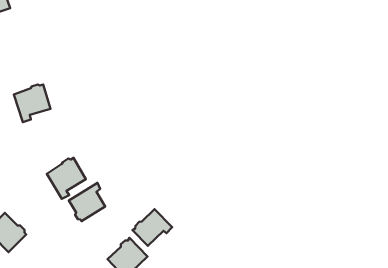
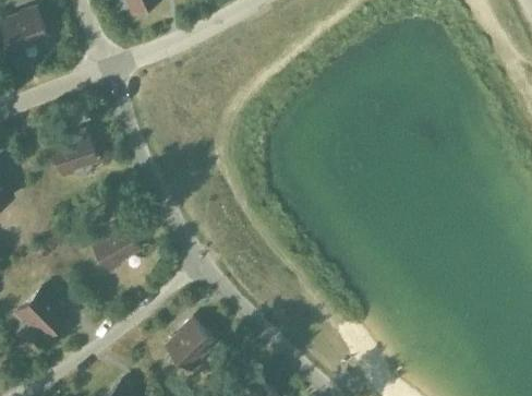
building: [69,183,105,221] -> none
building: [133,209,172,246] -> none

